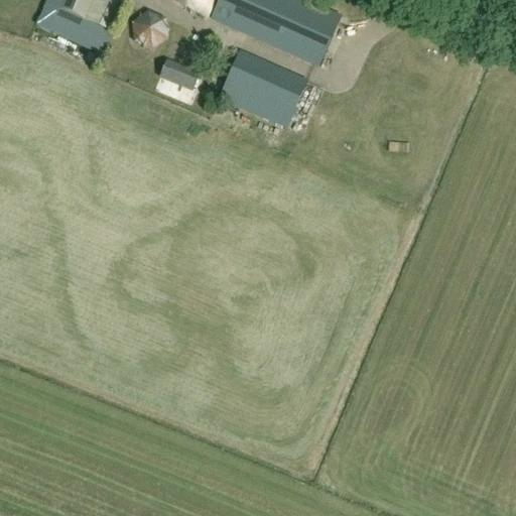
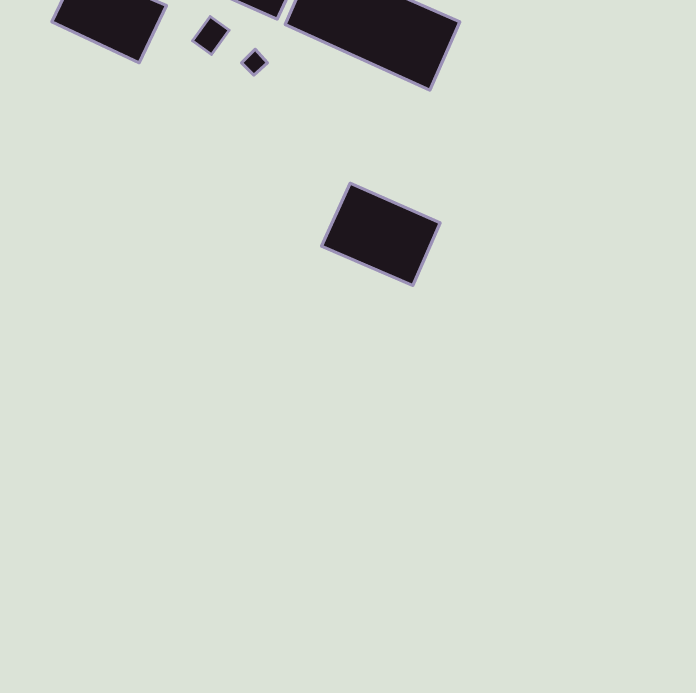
building: [218,51,305,127] -> [322,183,440,286]
building: [158,56,199,91] -> none

